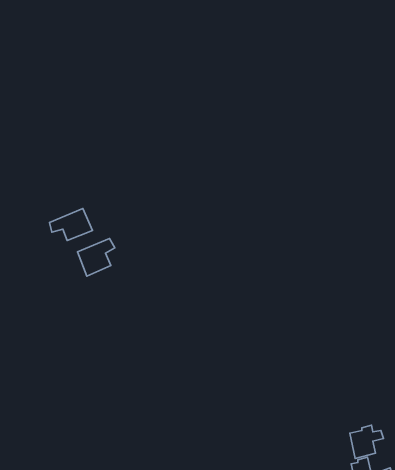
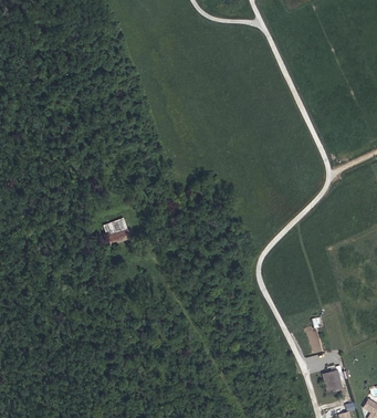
building: [49,209,93,240] -> none

